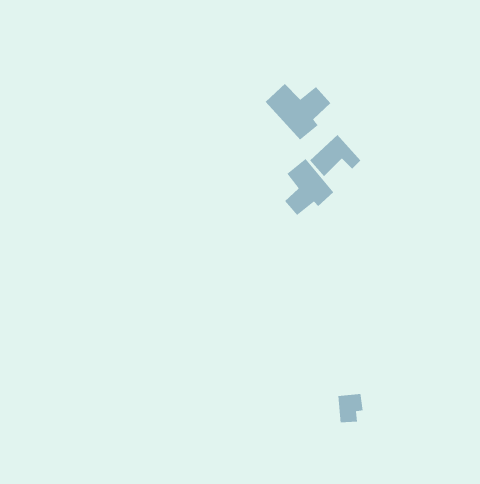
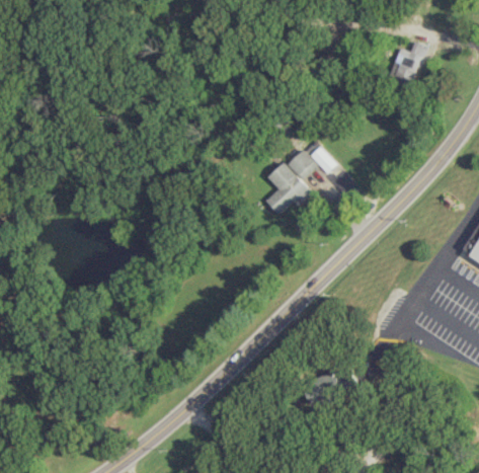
building: none -> [393,43,426,84]
building: [265,83,331,141] -> none

